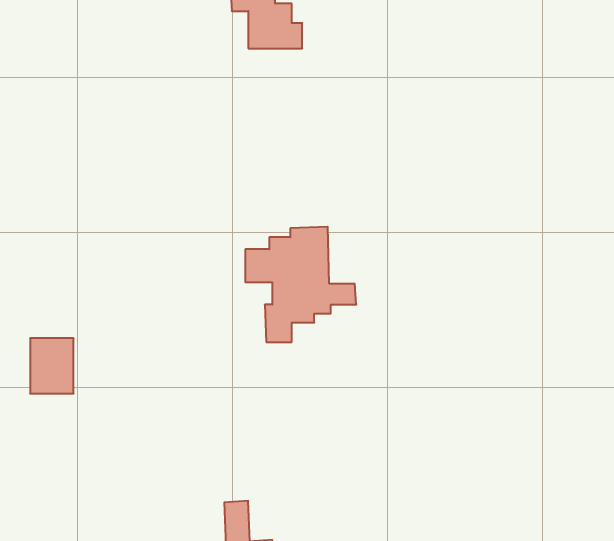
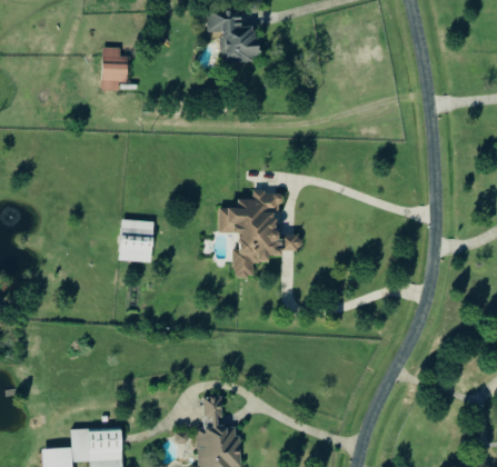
building: none -> [99,47,125,89]
building: [30,338,74,394] -> [118,220,150,261]

